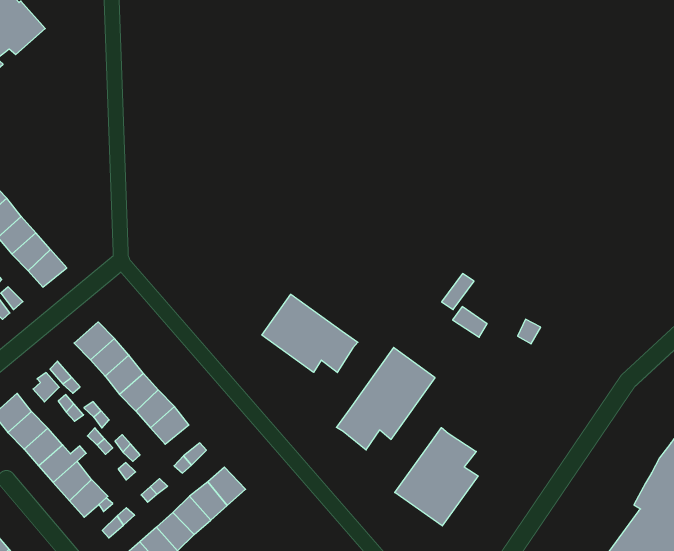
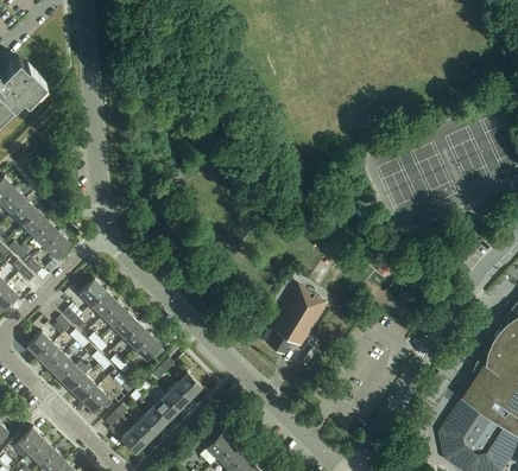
building: [262,294,358,373] -> none
building: [395,428,478,526] -> none

